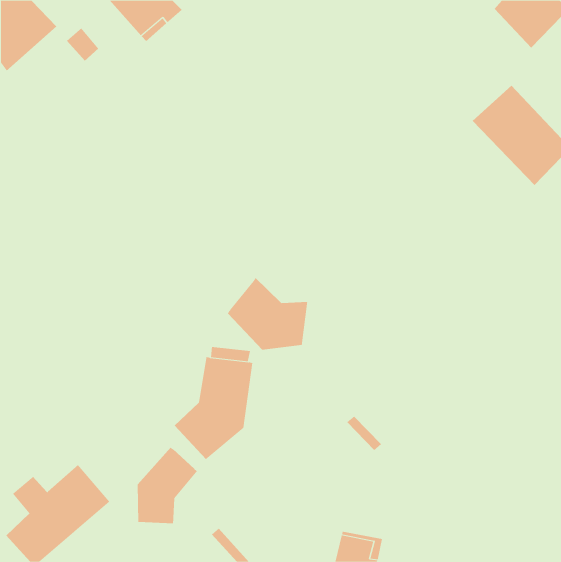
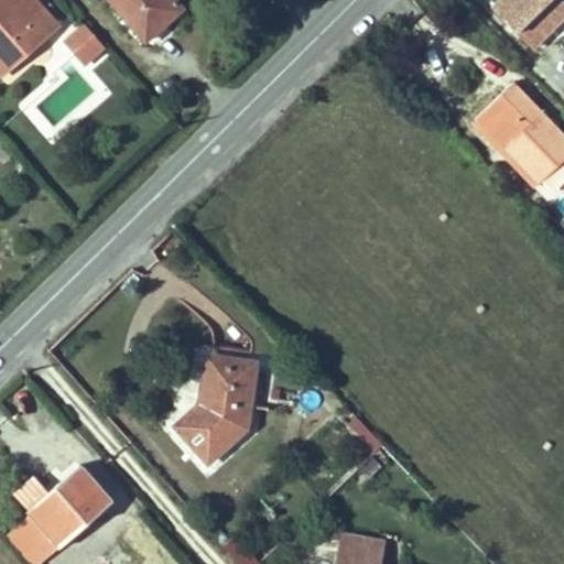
building: [227,277,308,351] -> none
building: [137,447,198,524] -> none

